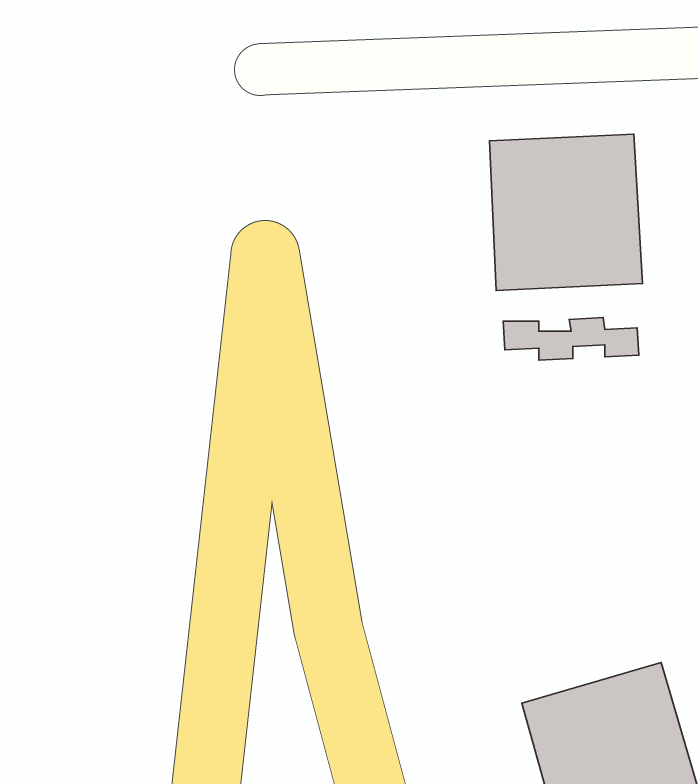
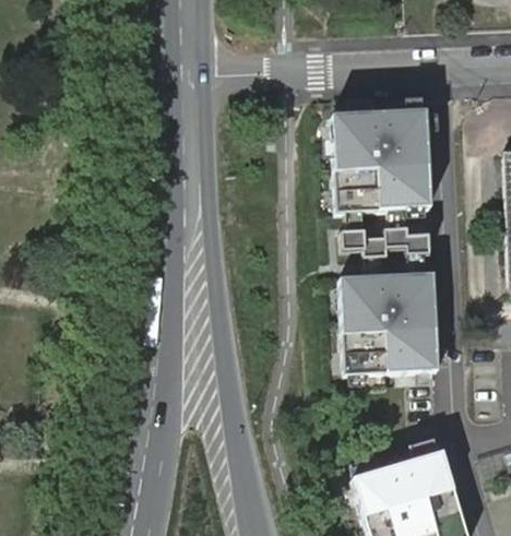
building: none -> [341,272,438,371]

